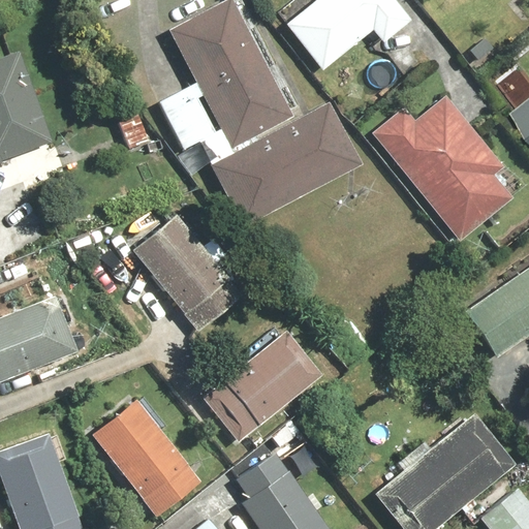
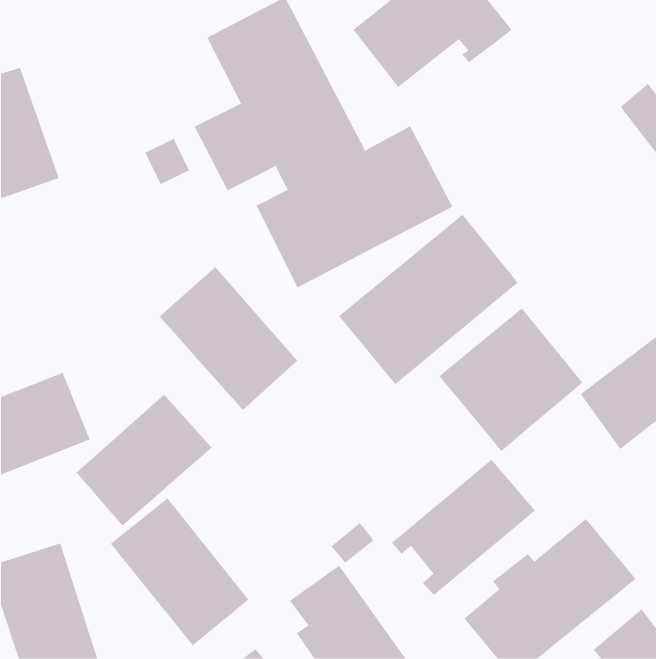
building: [371,98,519,241] -> none
building: none -> [338,214,518,385]
building: none -> [439,307,583,452]
building: none -> [76,394,212,527]
building: [205,332,320,441] -> [391,459,536,596]

